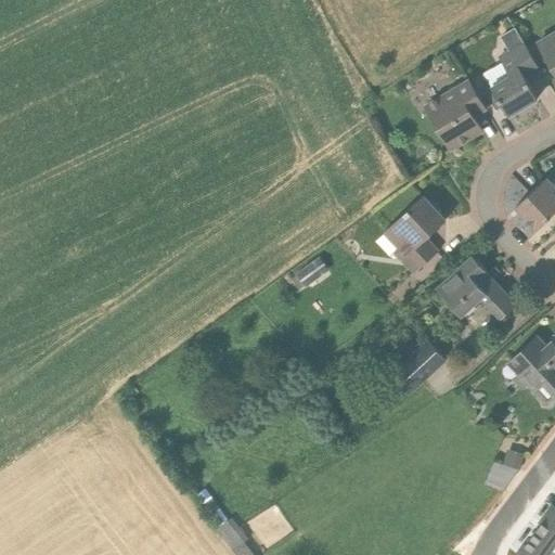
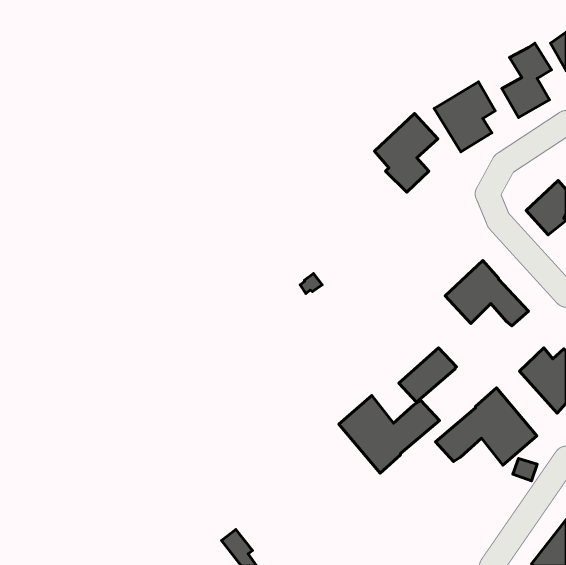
building: [384,196,446,273] -> [375,114,438,192]
building: none -> [435,388,537,465]
building: none -> [339,396,439,473]

